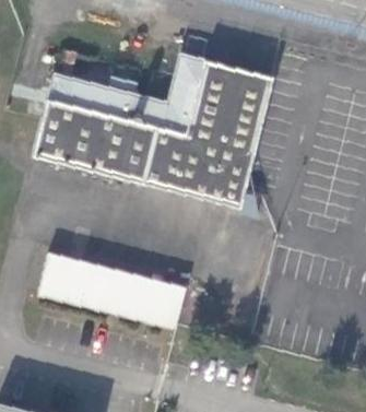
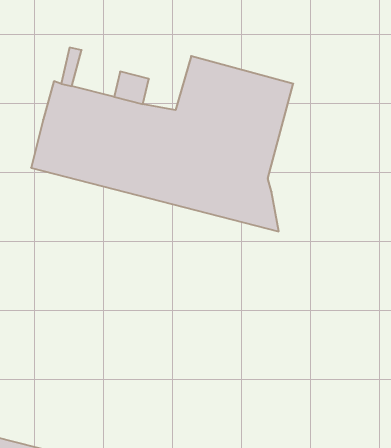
building: [39,251,186,326] -> none

